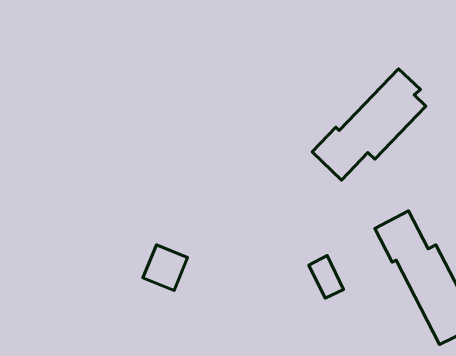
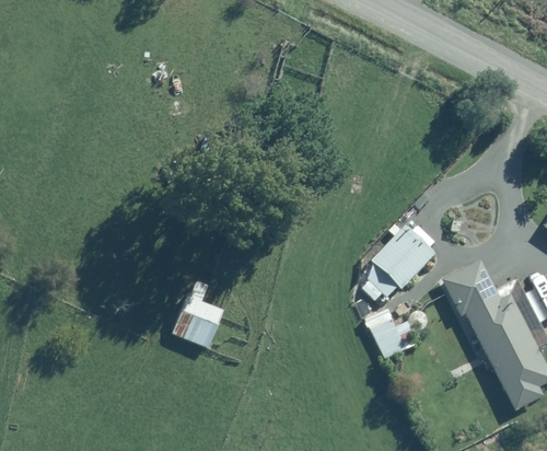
building: [312,69,426,180] -> none
building: none -> [372,226,435,289]

